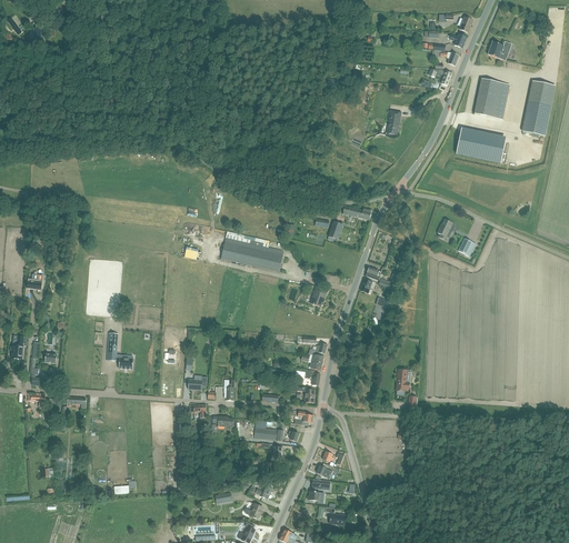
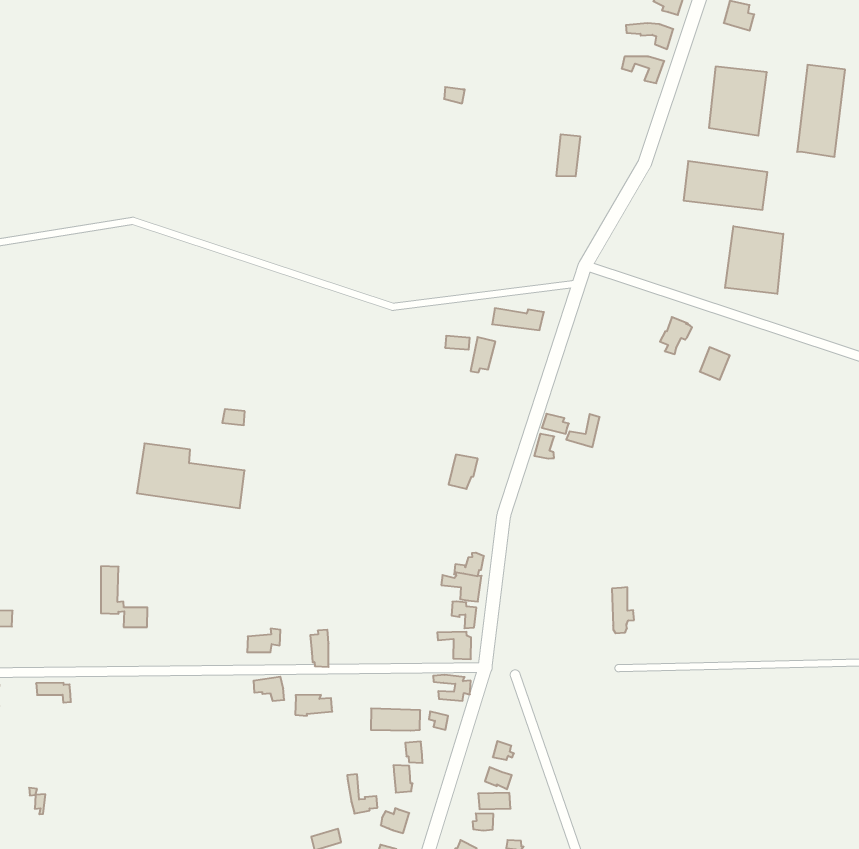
building: none -> [725,226,783,294]
building: [220,231,282,272] -> [137,443,245,508]

